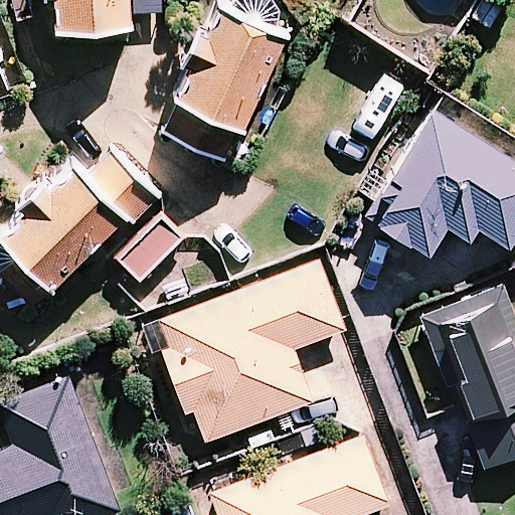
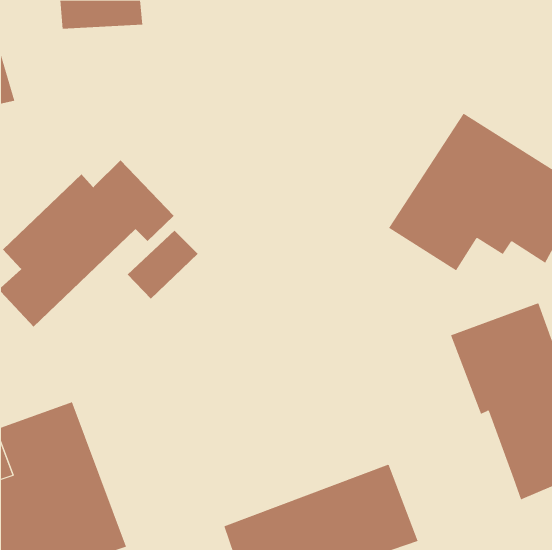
building: [165,8,289,162] -> none
building: [158,260,346,443] -> none

